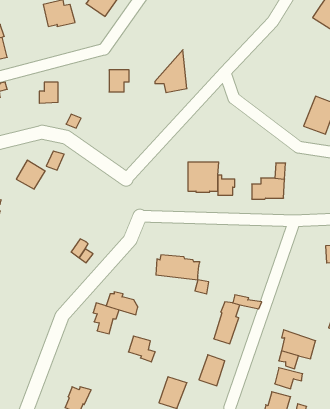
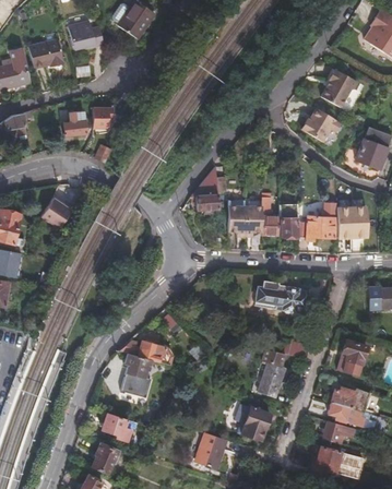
building: none -> [28,38,63,67]
building: none -> [321,68,357,107]
building: [155,50,187,93] -> [185,165,219,212]
building: [109,70,129,92] -> [93,104,115,128]
building: none -> [301,107,342,142]
building: none -> [278,203,298,238]
building: none -> [340,216,368,238]
building: [156,255,200,280] -> [256,284,304,311]
building: none -> [338,341,366,372]
building: [128,336,155,362] -> [104,413,133,441]

